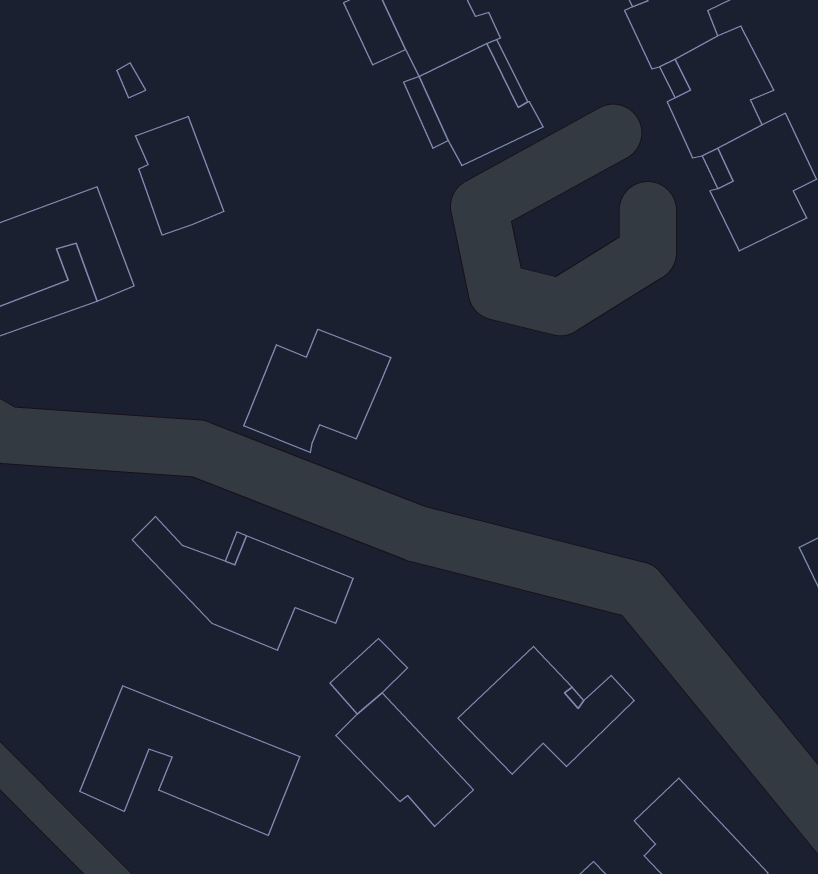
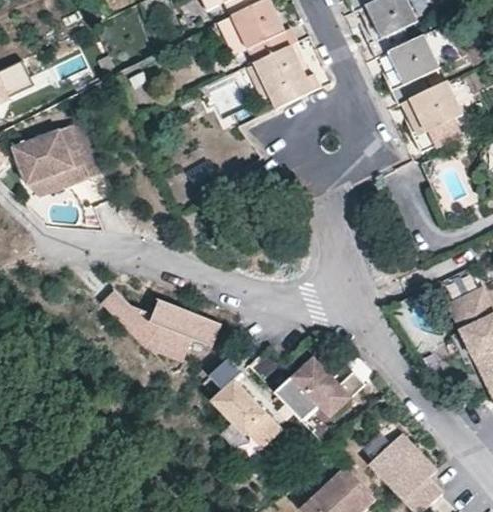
building: [136,116,224,235] -> none
building: [244,329,391,453] -> none
building: [80,686,300,835] -> none

